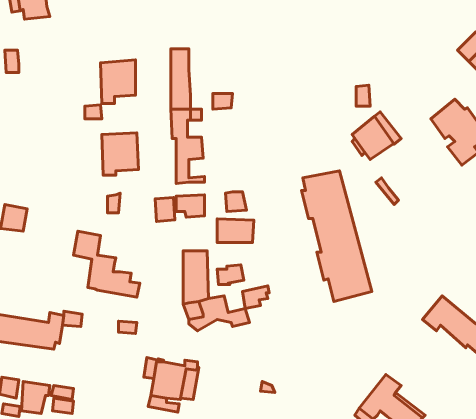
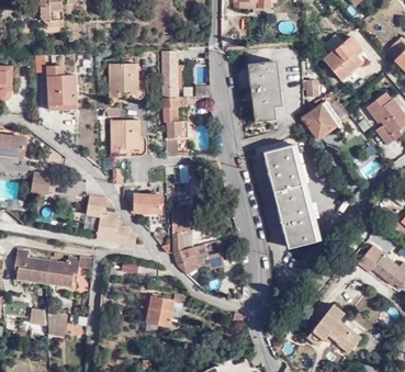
building: none -> [324,36,361,80]
building: none -> [46,63,77,102]
building: none -> [249,64,281,121]
building: [217,219,254,243] -> [134,194,162,213]

